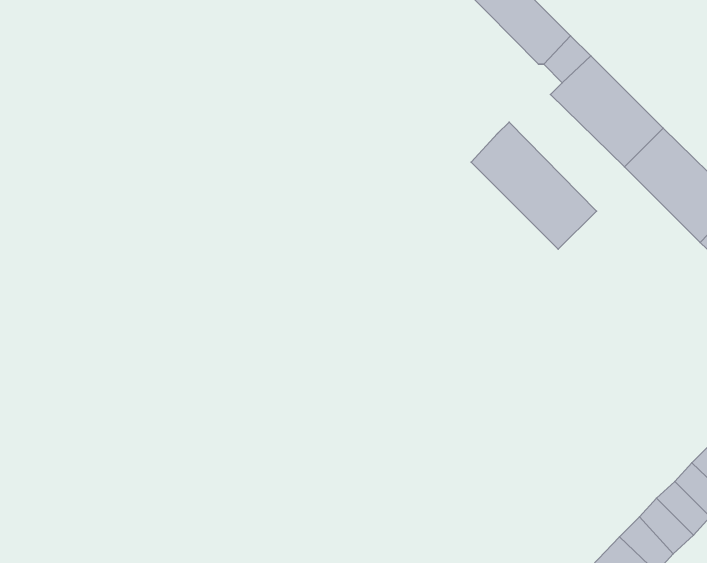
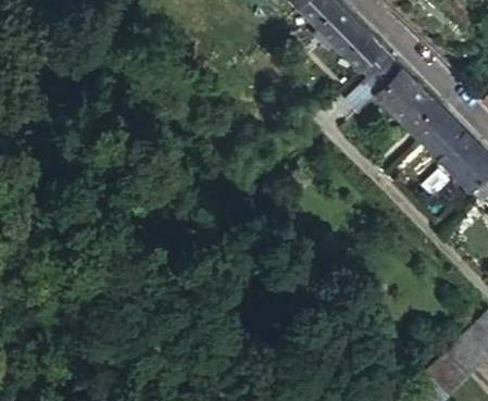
building: [471,122,597,249] -> none

